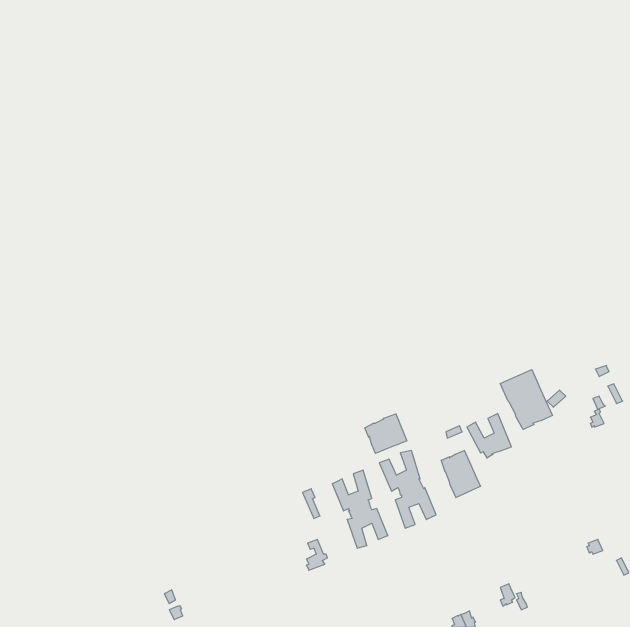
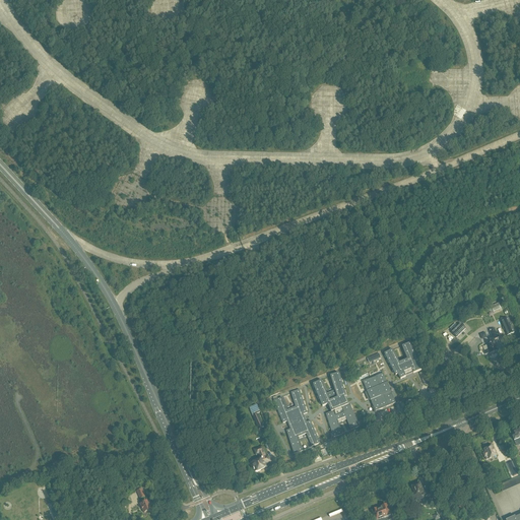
building: [500,370,552,429] -> none
building: [365,414,407,453] -> none

